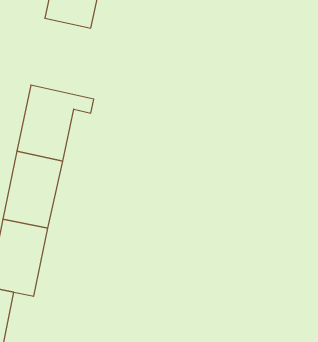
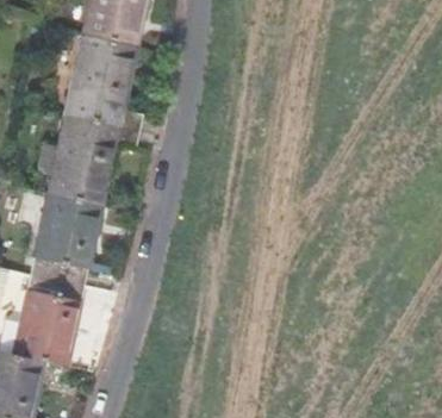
building: none -> [64,32,143,129]

